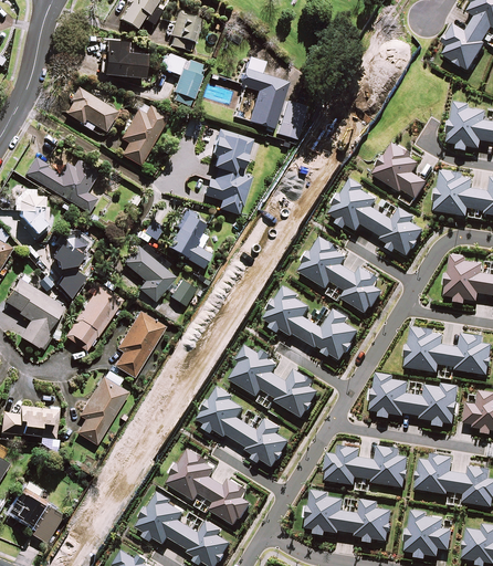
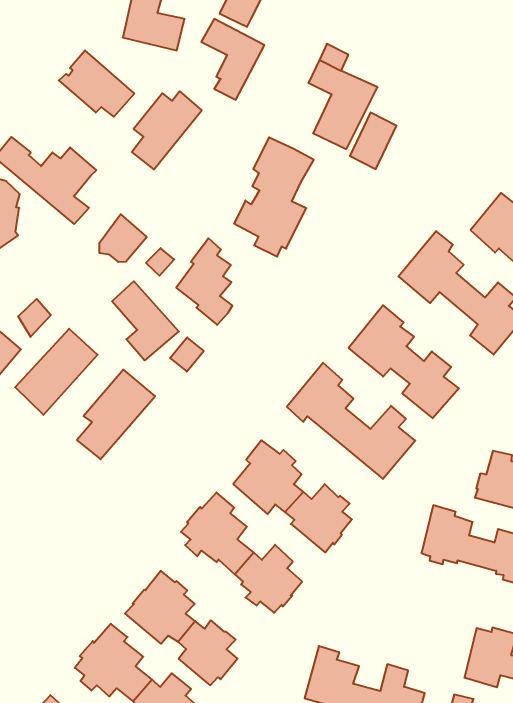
building: [56,229,90,263] -> [99,214,147,262]
building: [77,370,128,446] -> none
building: [324,444,405,485] -> none

